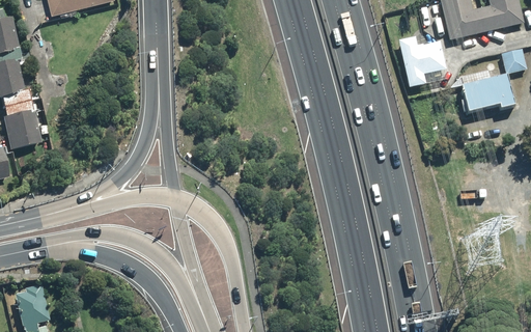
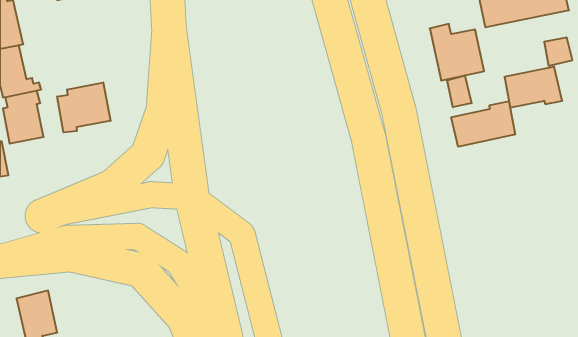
building: none -> [447,75,472,107]
building: none -> [57,82,111,132]
building: none -> [451,101,515,147]

